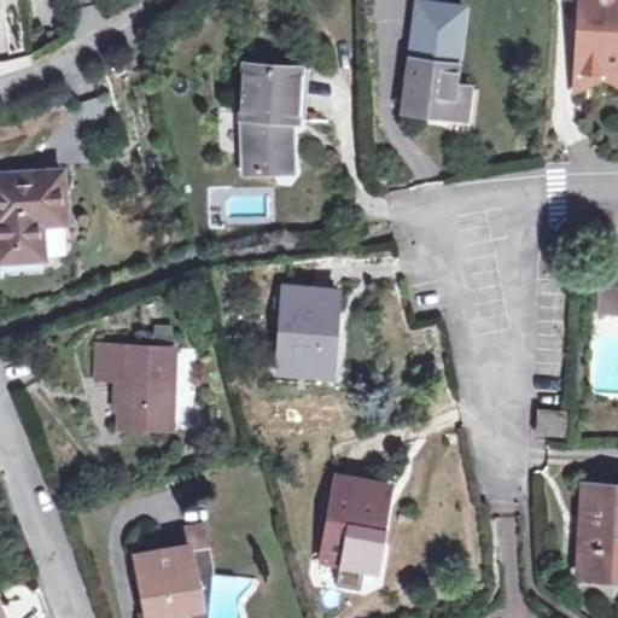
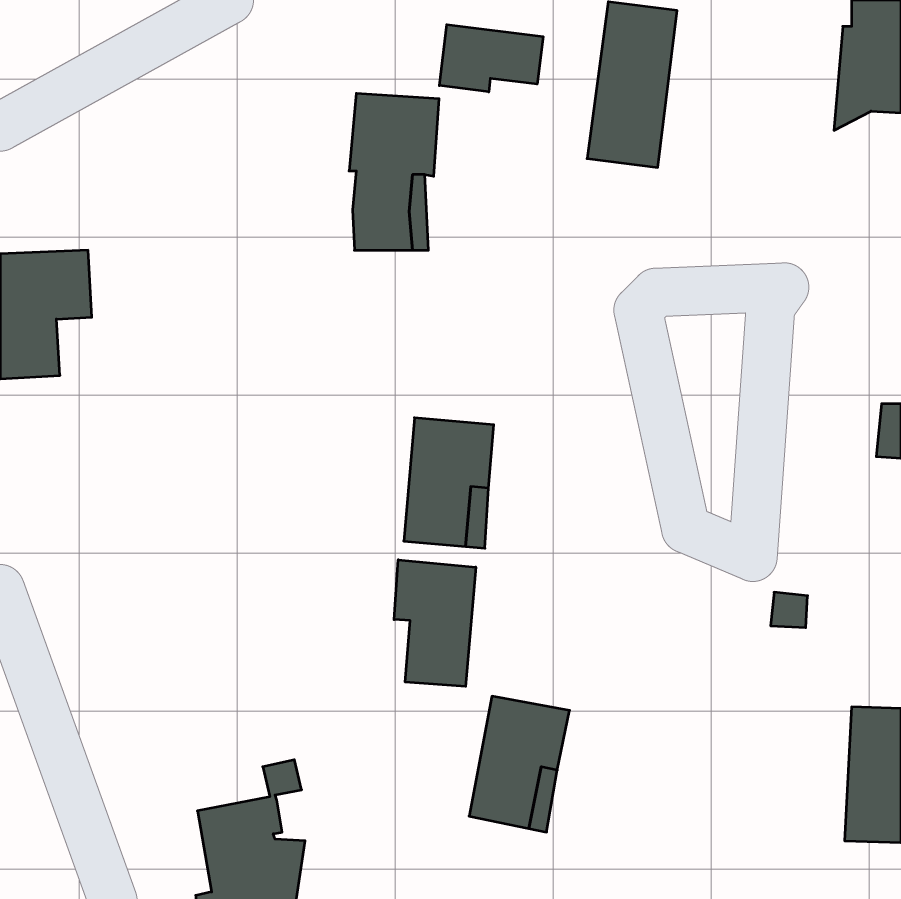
building: none -> [439,25,543,92]
building: [98,346,174,430] -> none
building: none -> [394,560,476,686]

